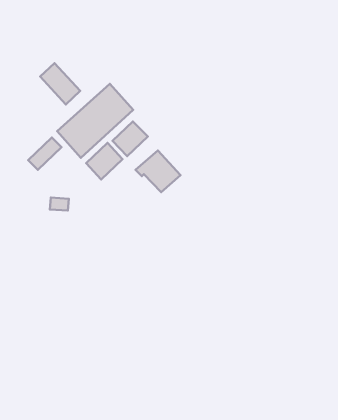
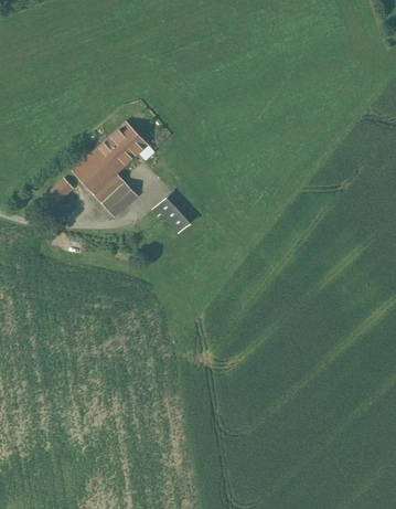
building: [40,63,80,105] -> none
building: [112,121,148,156] -> none

